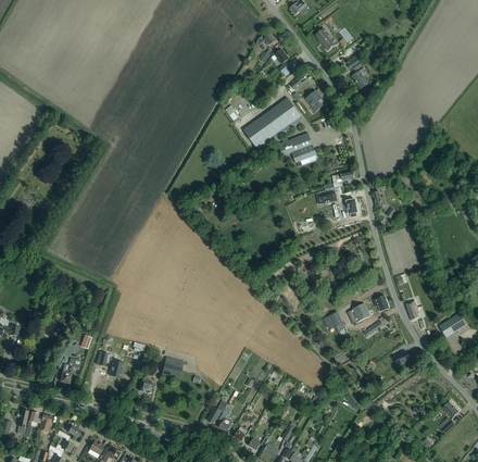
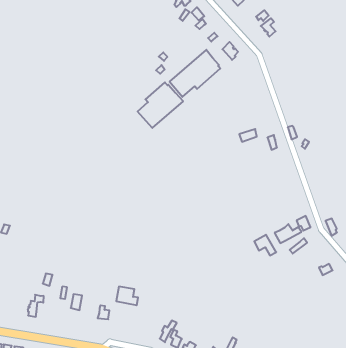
building: none -> [138,82,183,128]
building: [278,133,317,162] -> none

